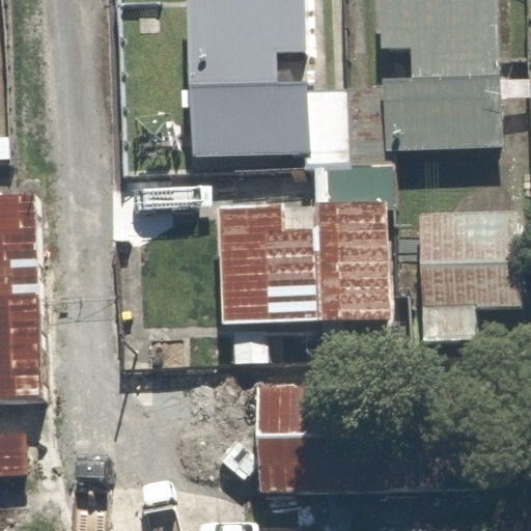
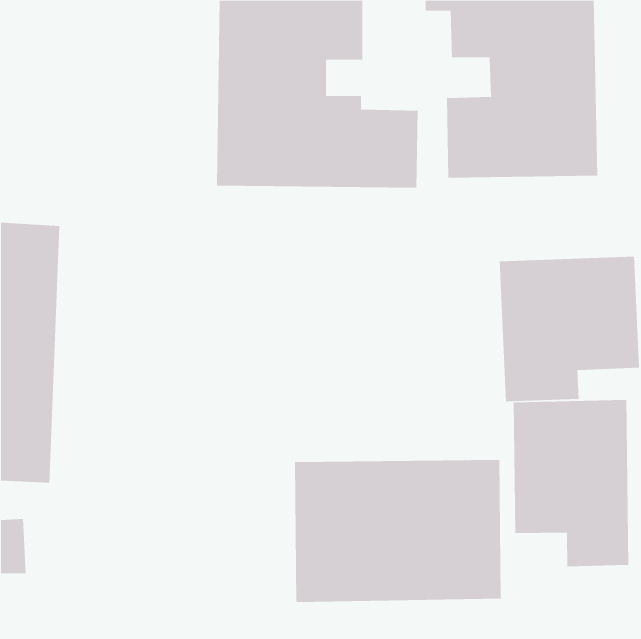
building: [212,166,391,324] -> none
building: none -> [513,399,629,567]

